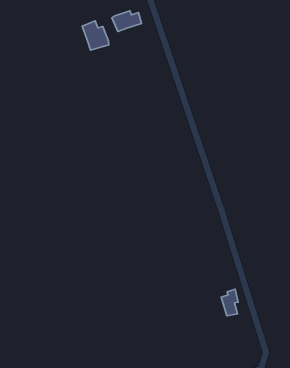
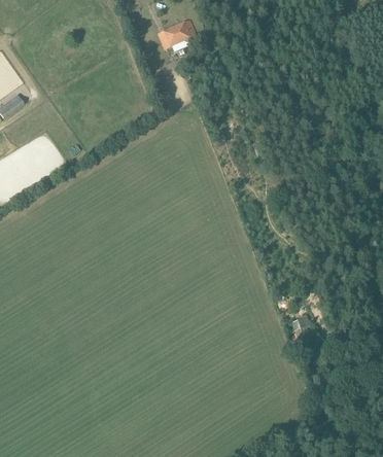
building: [82,21,109,50] -> none

